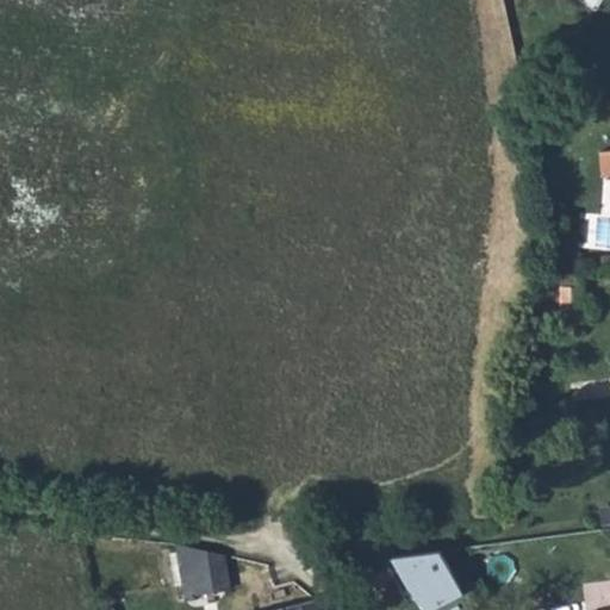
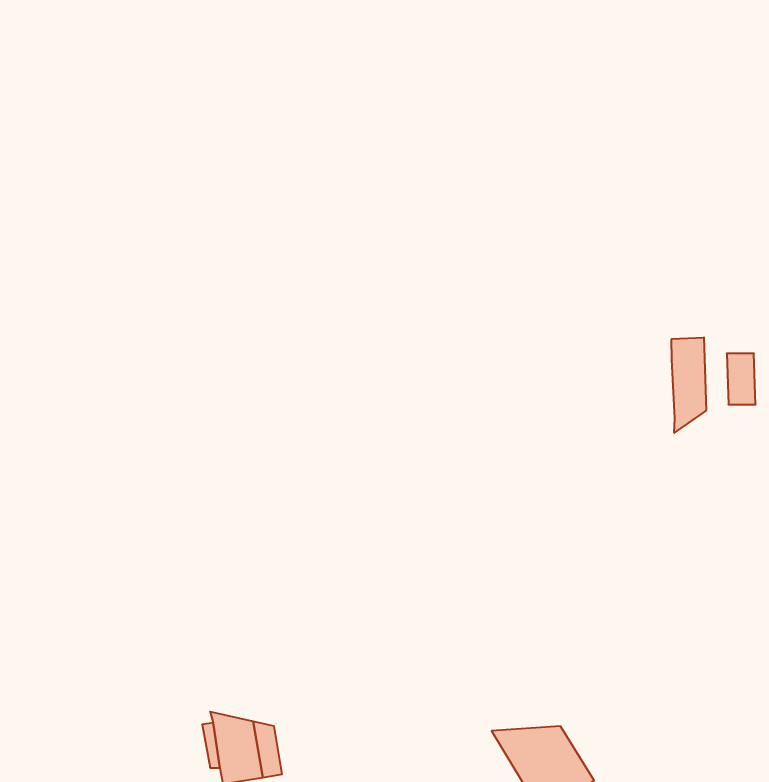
building: none -> [672,337,706,433]

